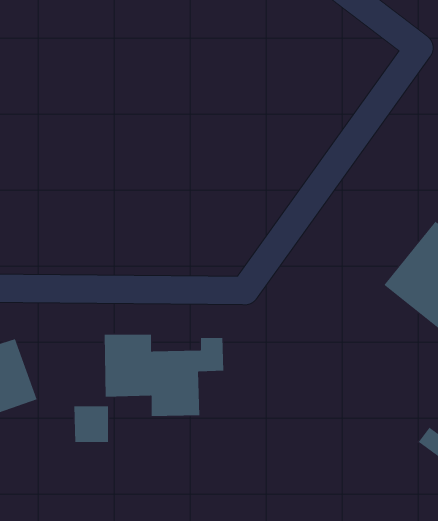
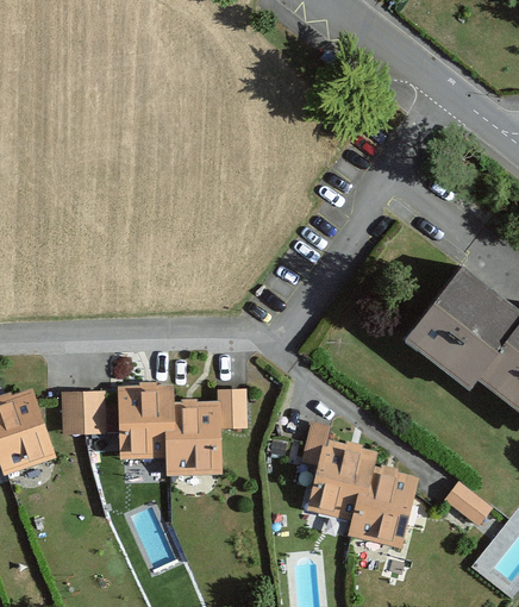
building: none -> [304,425,415,544]
building: [73,406,109,443] -> [62,394,99,432]

